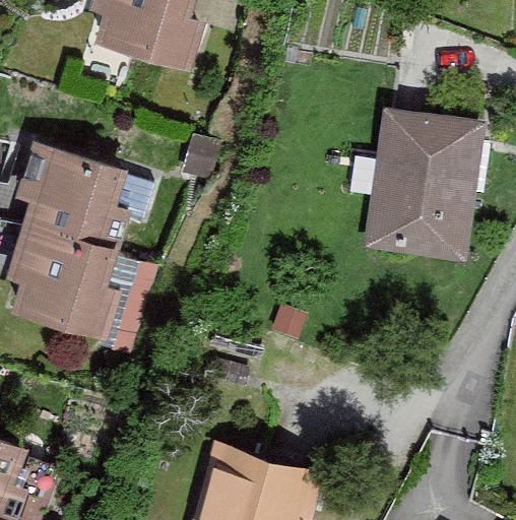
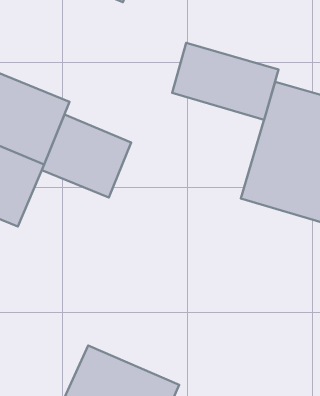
building: none -> [172,43,279,120]
building: none -> [42,115,131,197]

